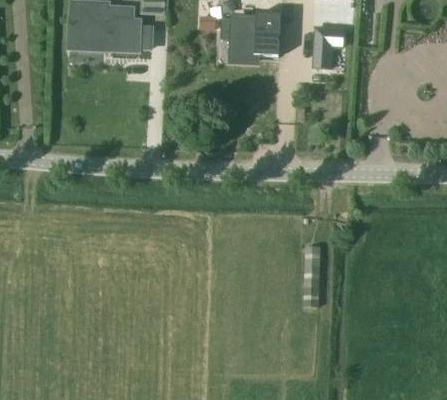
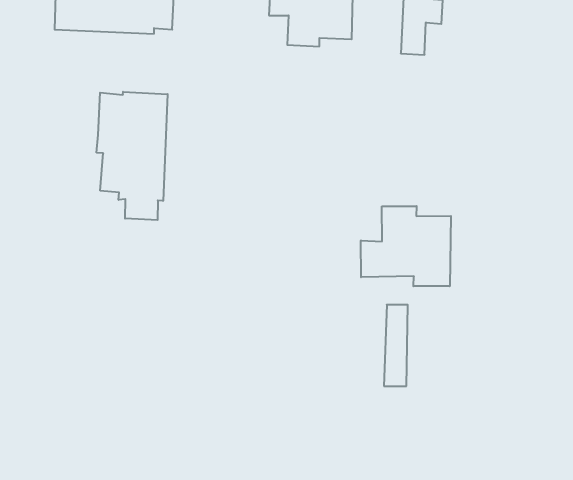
building: none -> [97,92,168,220]
building: none -> [361,206,451,286]

